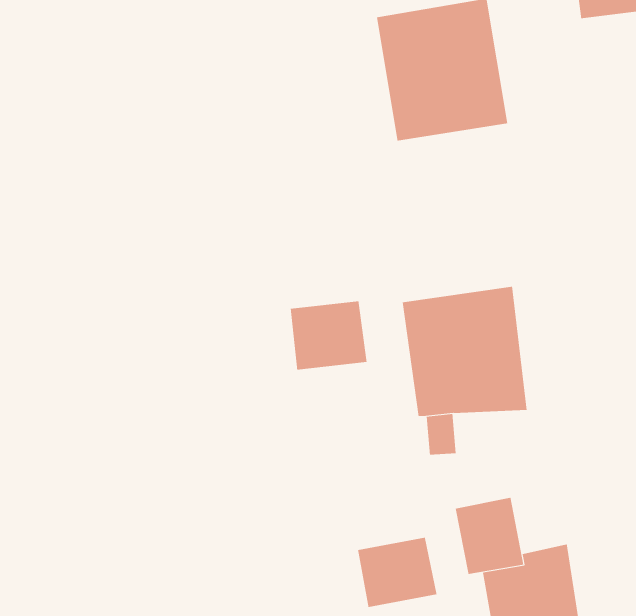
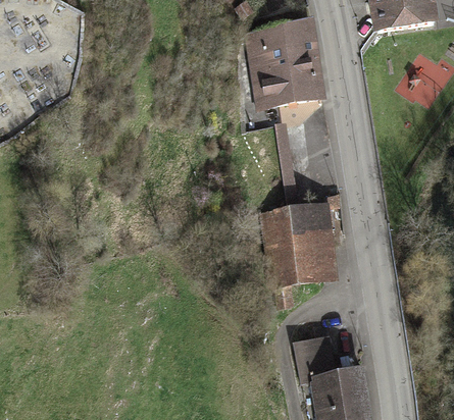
building: [290,300,367,371] -> none
building: [358,537,437,608] -> none

